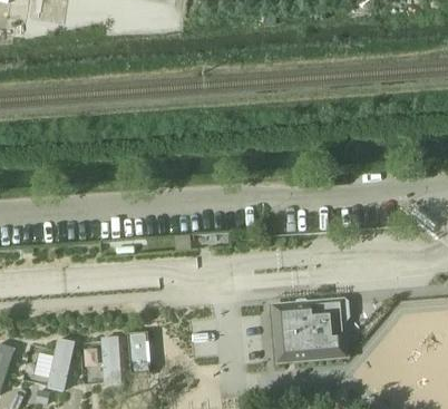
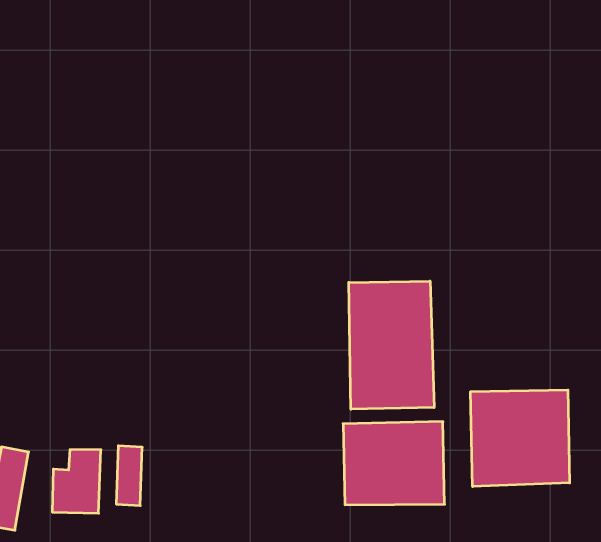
building: none -> [349,281,434,409]
building: none -> [471,390,570,487]

